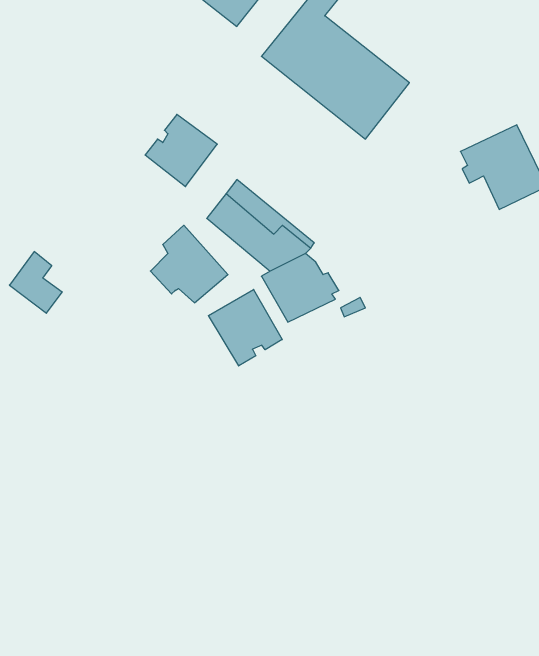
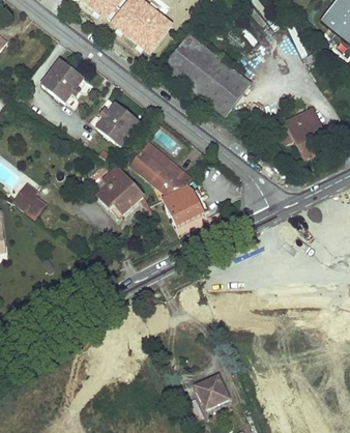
building: none -> [39,61,82,104]
building: [208,289,282,366] -> none
building: none -> [195,376,227,408]

